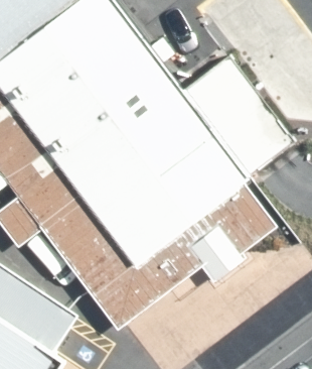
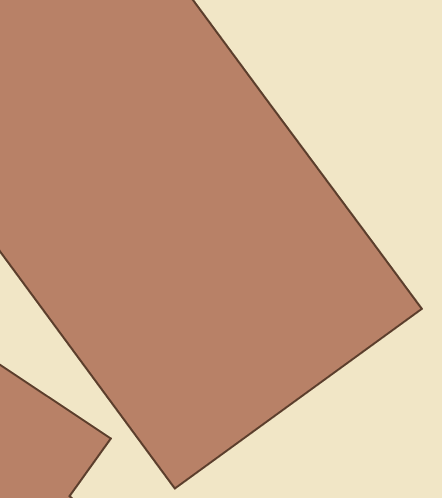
building: [185,62,295,188] -> none

